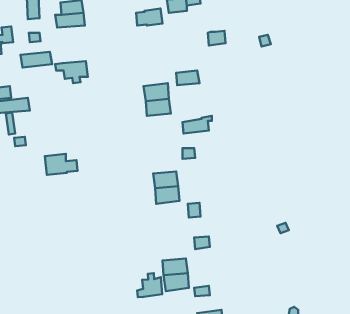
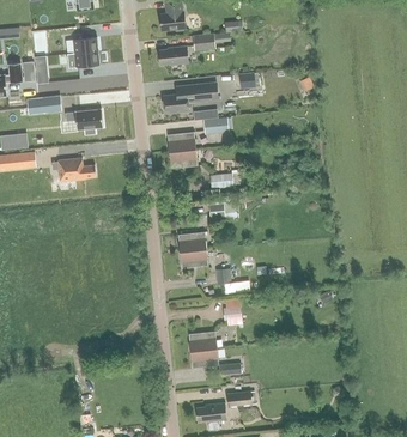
building: none -> [163,81,217,113]
building: [45,154,77,175] -> [59,157,96,181]
building: [137,273,162,297] -> none

